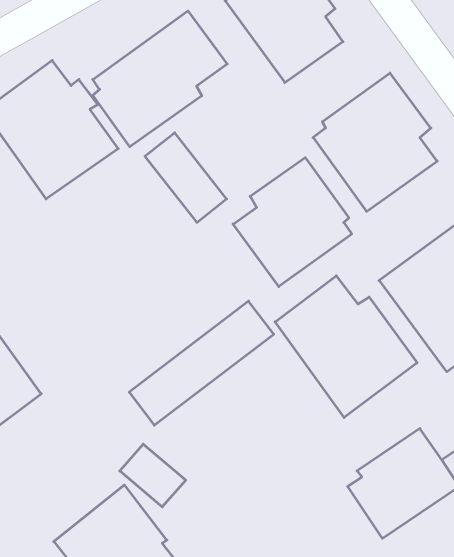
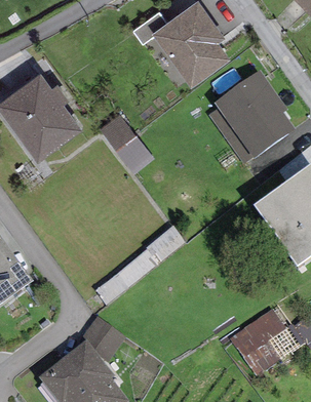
building: [93,11,227,147] -> none
building: [233,158,352,287] -> none
building: [275,276,417,418] -> none

